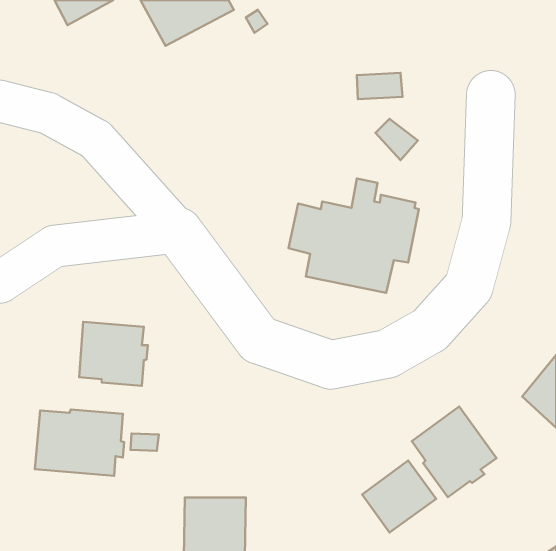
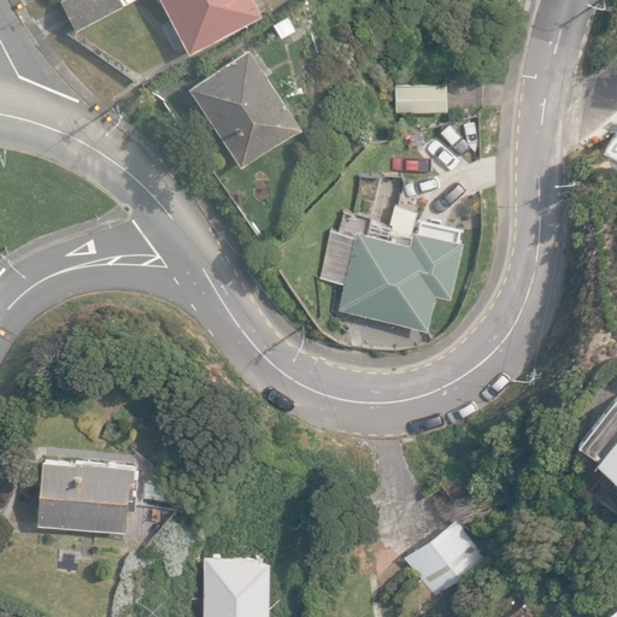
building: none -> [187,51,298,168]
building: [79,322,148,386] -> none
building: [412,406,497,497] -> none

